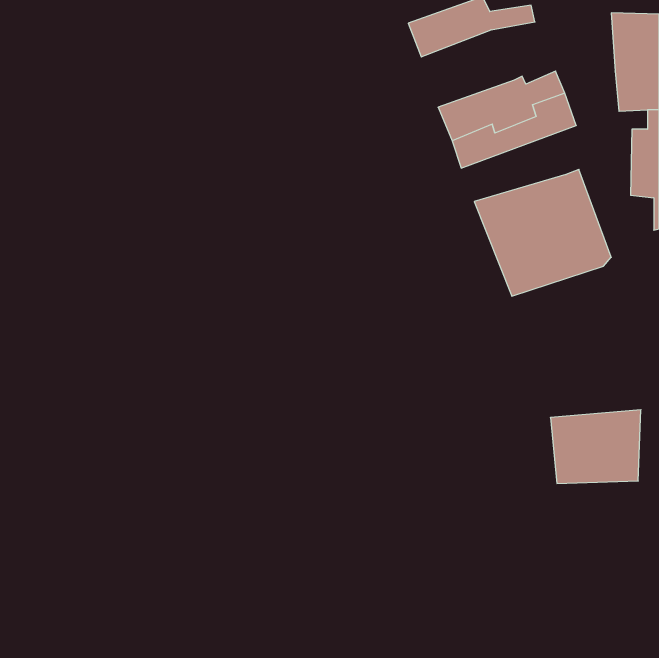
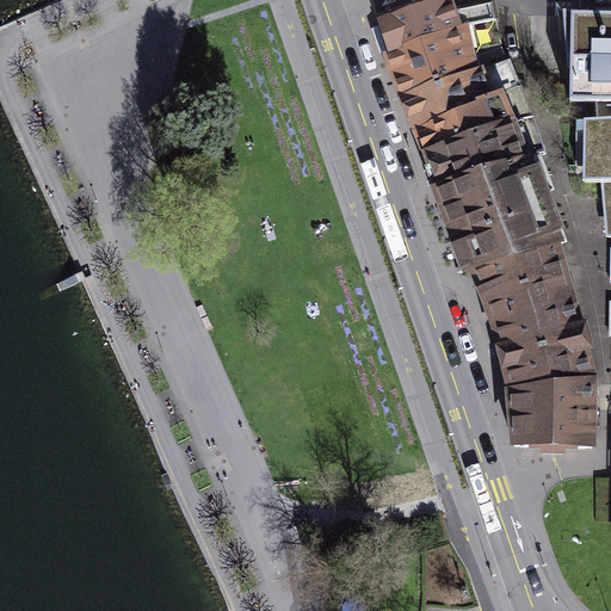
building: none -> [389,20,499,99]
building: none -> [426,116,541,186]
building: none -> [473,246,592,385]

